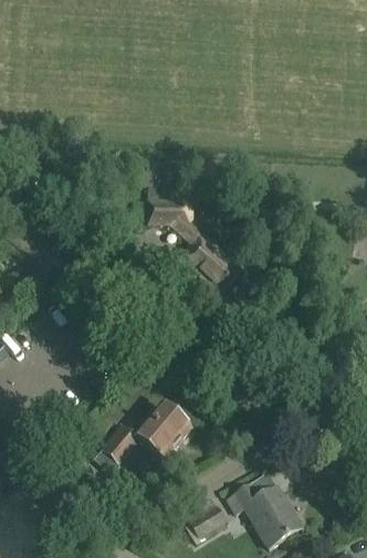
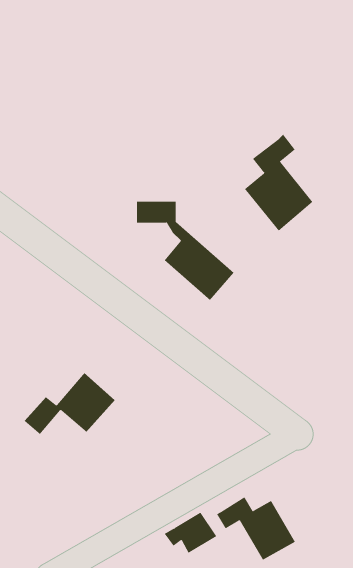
building: none -> [244,134,313,231]
building: [103,403,190,463] -> [24,372,115,435]

